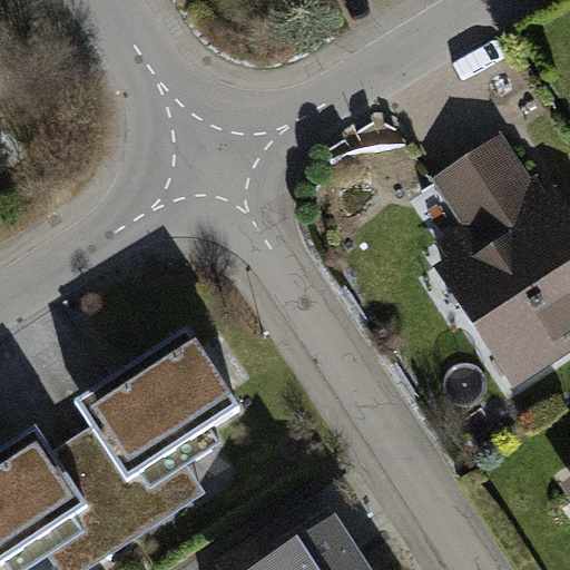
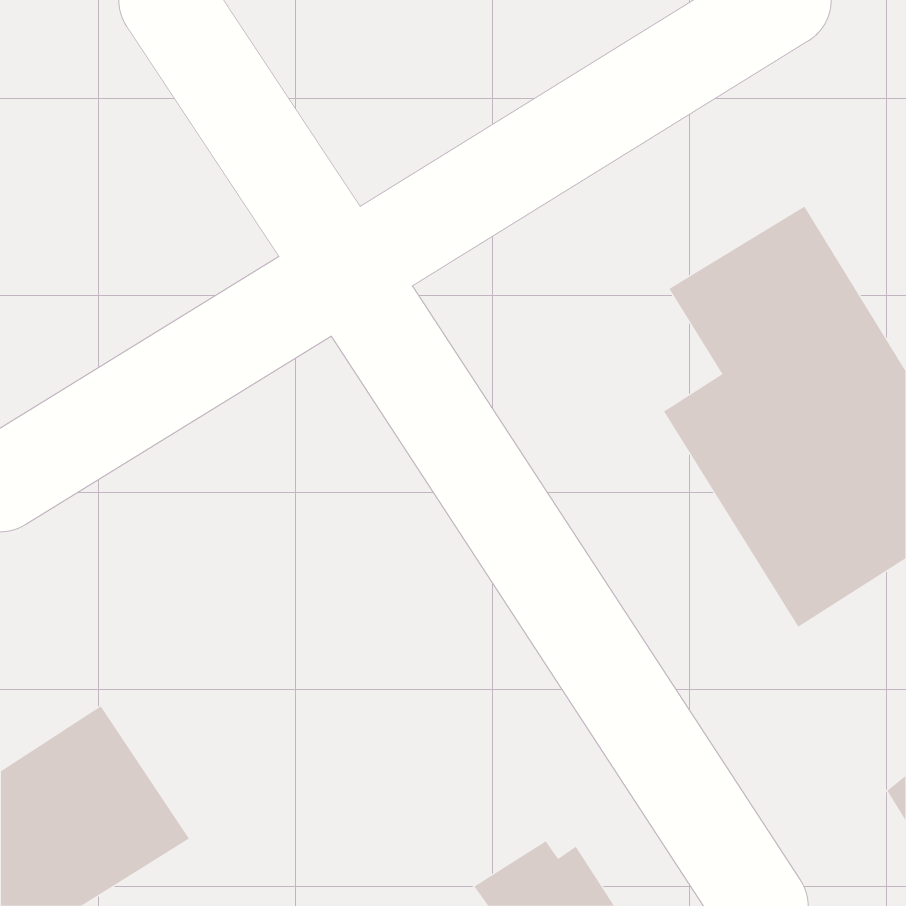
building: [97,345,273,509] -> none

